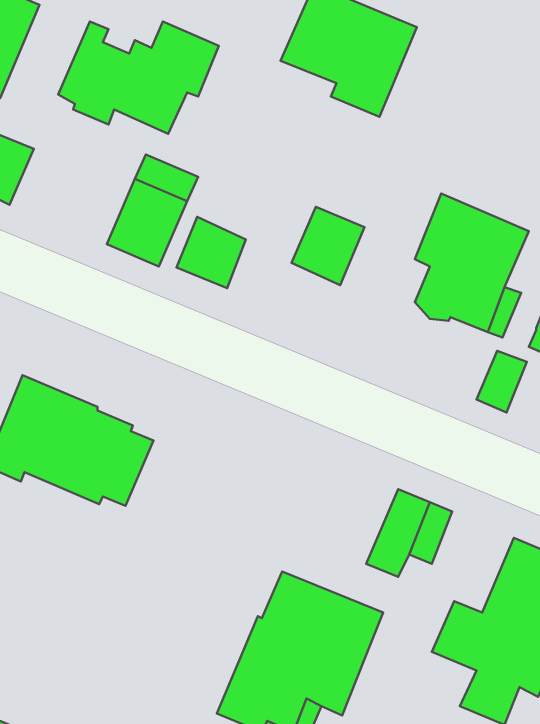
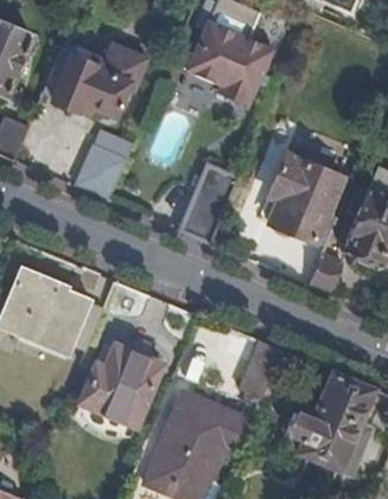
building: [177,217,246,288] -> [178,197,222,242]
building: none -> [79,345,161,426]

